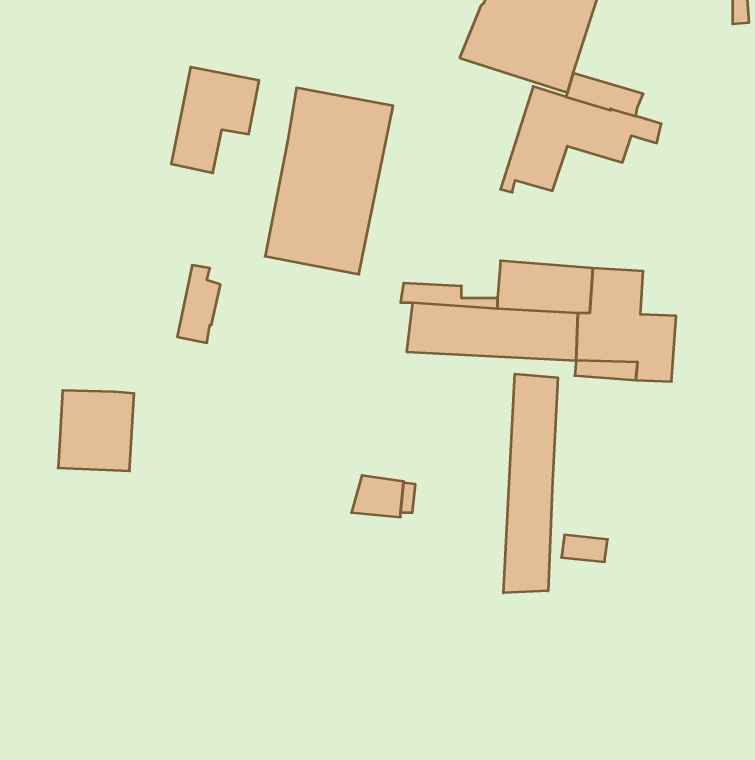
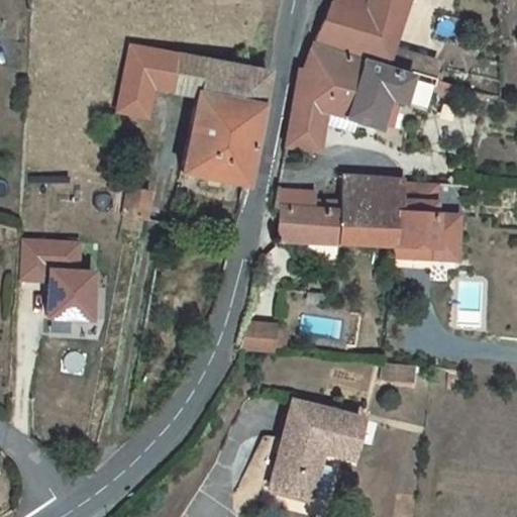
building: none -> [286,43,366,152]
building: none -> [173,55,205,96]
building: none -> [20,235,83,282]
building: [503,374,558,593] -> none
building: none -> [273,401,365,498]

